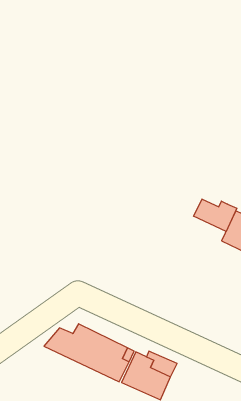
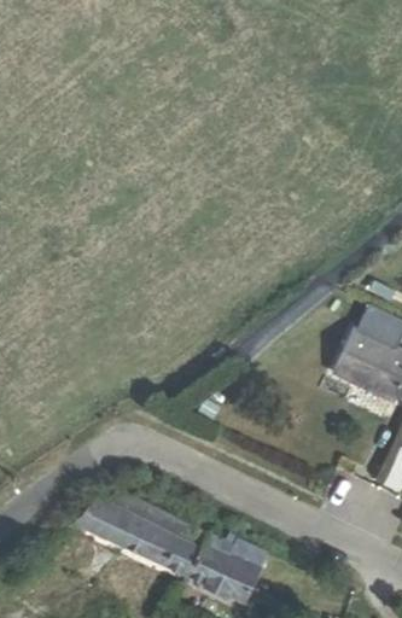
building: [194,199,237,232] -> none

